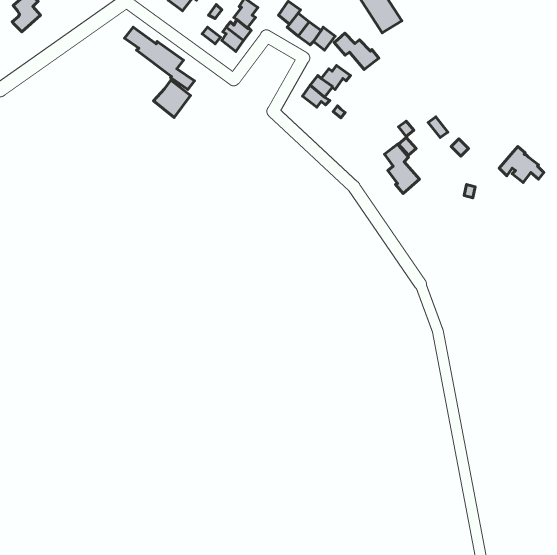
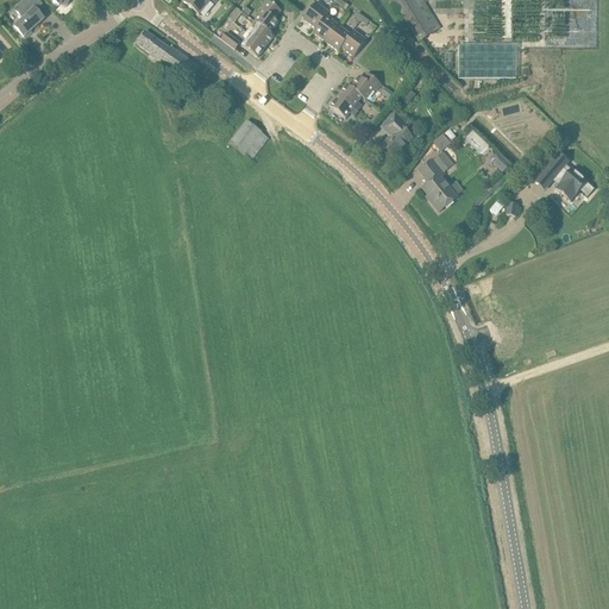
building: [334,33,379,70] -> none
building: [153,80,191,117] -> [228,119,269,159]
building: none -> [383,111,413,155]

